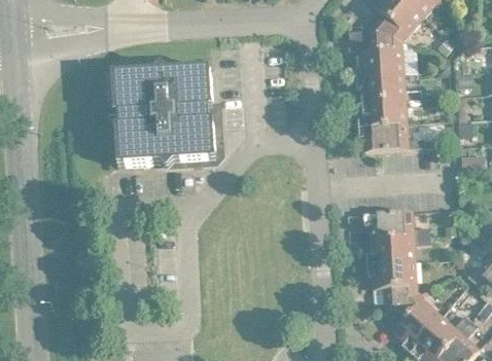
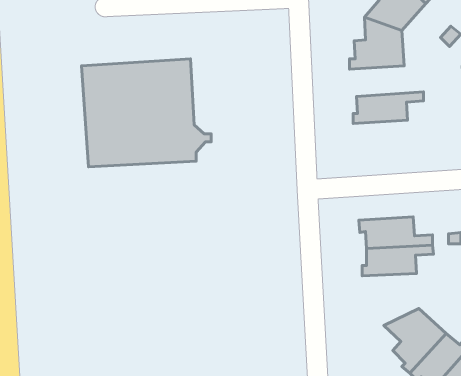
building: [355,73,422,101] -> none
building: [358,122,425,151] -> none
building: [366,261,418,309] -> none

